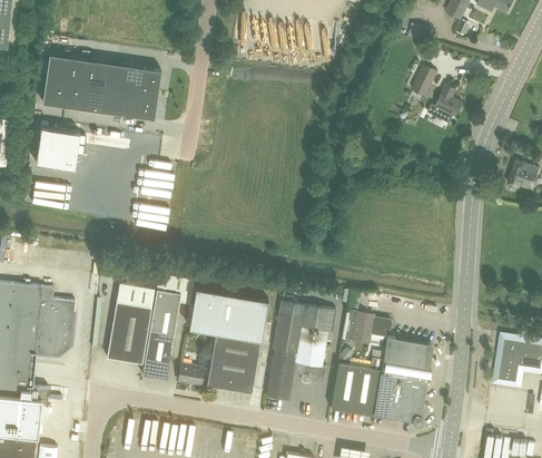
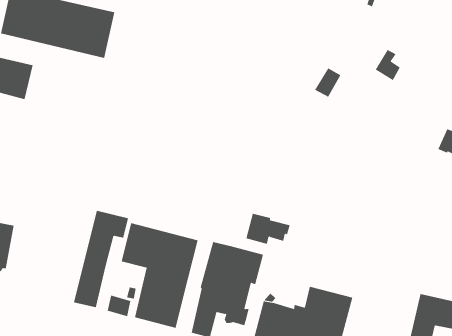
building: [411,66,437,97] -> [314,68,341,98]
building: [107,283,154,363] -> none
building: [345,312,391,343] -> [246,213,291,245]

